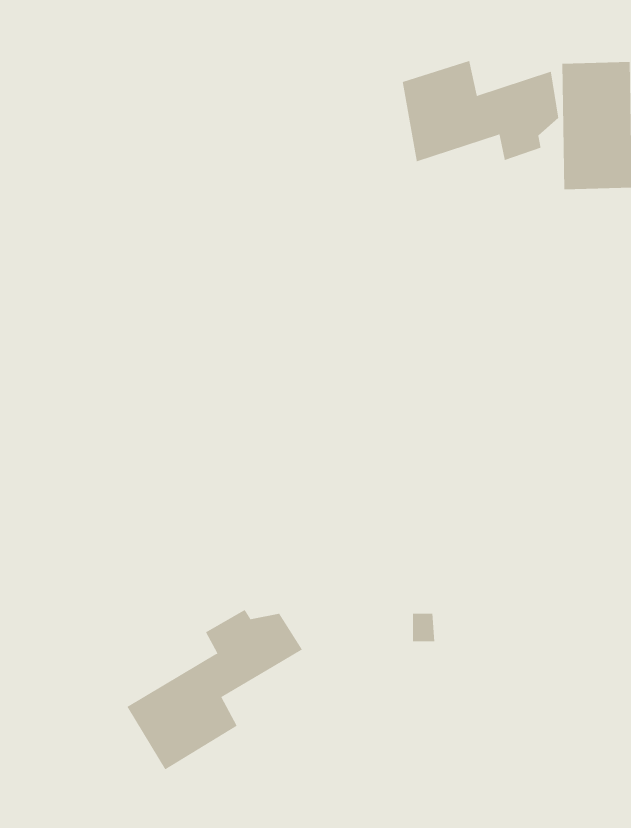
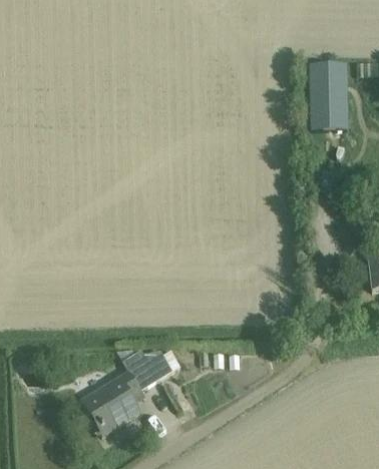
building: [402,60,559,162] -> none

